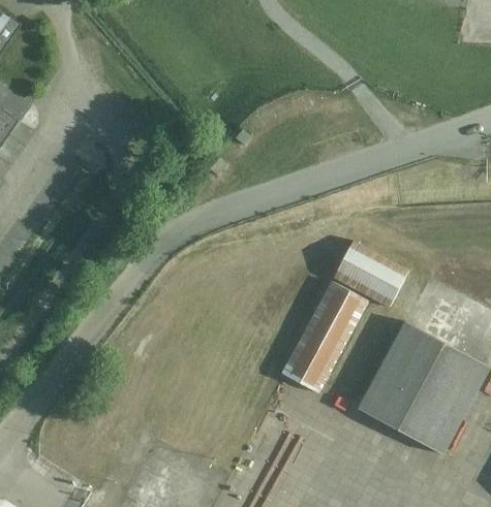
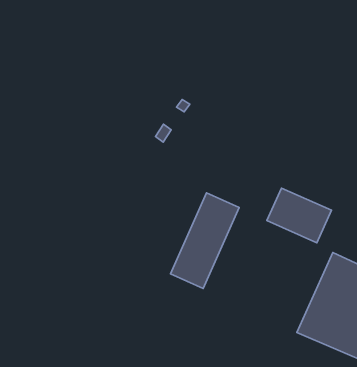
building: [282,282,367,391] -> [171,193,239,288]

